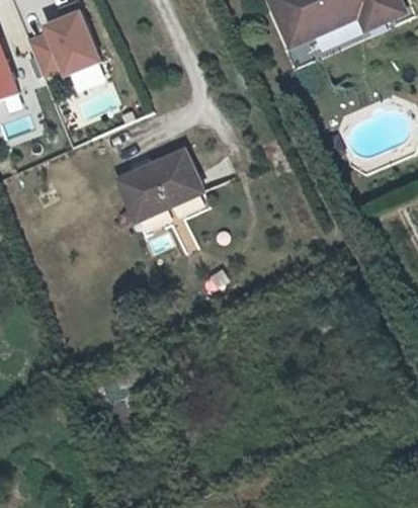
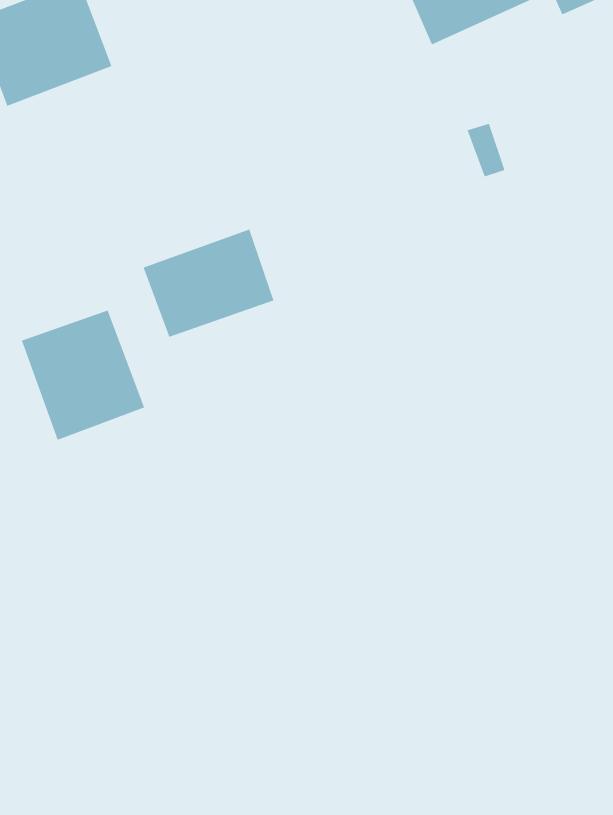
building: none -> [21,310,145,441]

